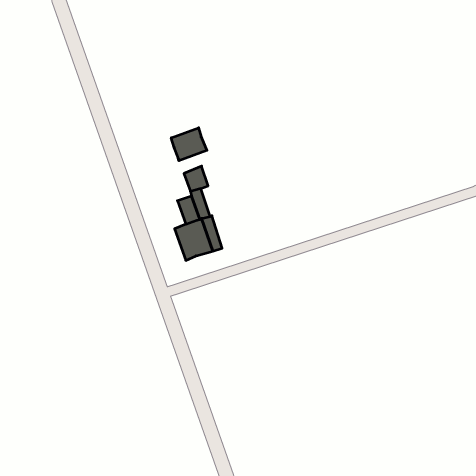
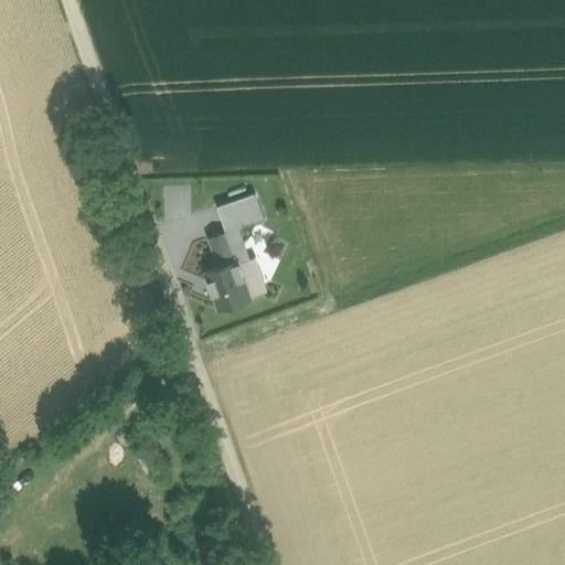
building: [171,128,207,161] -> none

